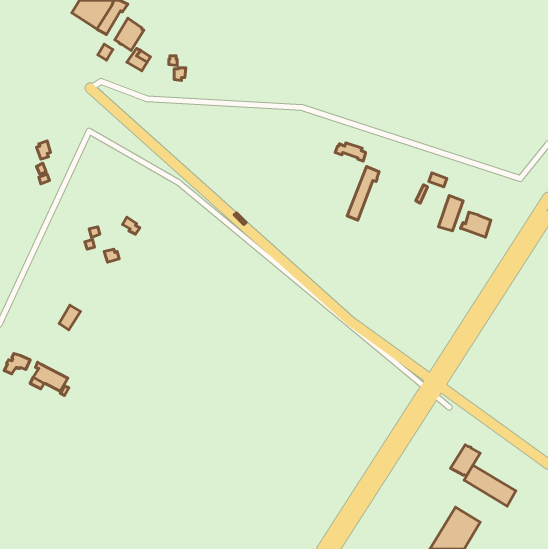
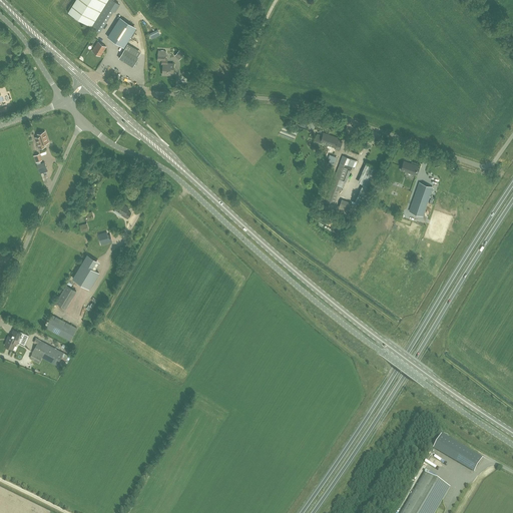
building: [461,212,491,237] -> none
building: none -> [72,254,98,289]
building: none -> [44,315,76,341]
building: [450,445,480,476] -> none

